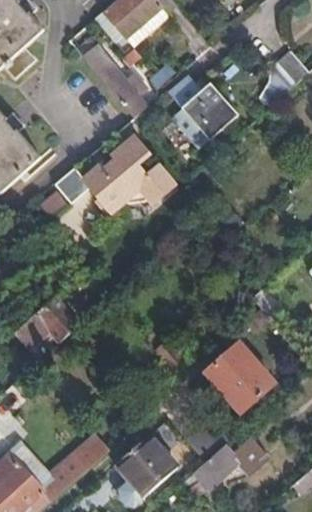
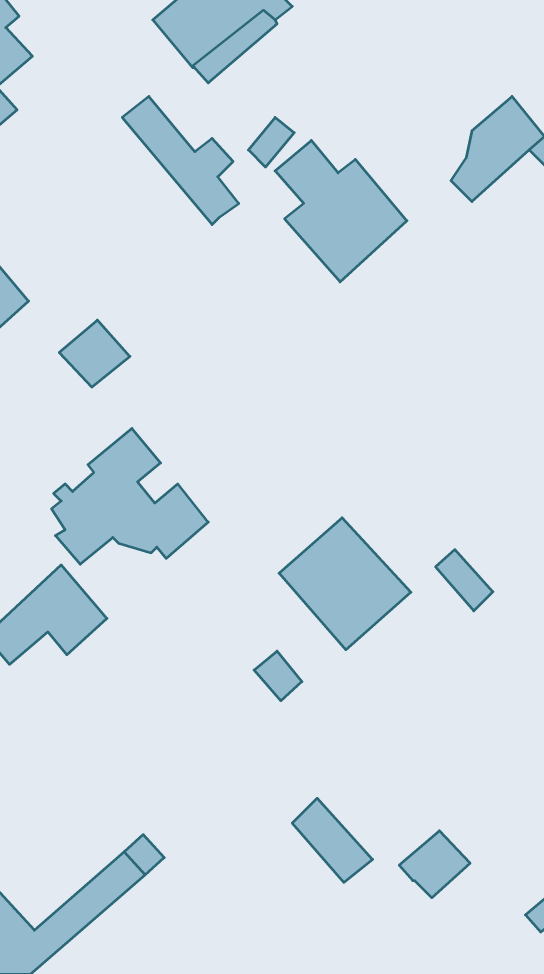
building: [93,135,175,206] -> [52,428,208,564]
building: [205,343,274,412] -> [279,518,411,650]
building: [115,435,176,495] -> none
building: [194,445,239,489] -> none

